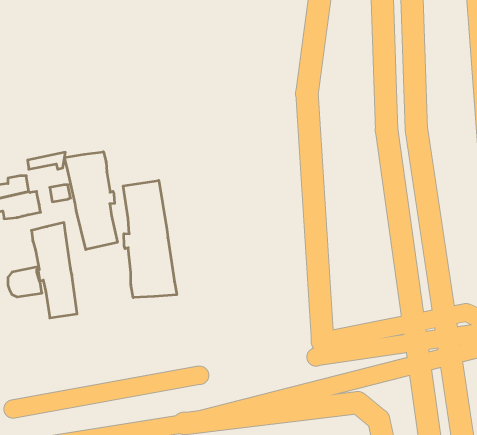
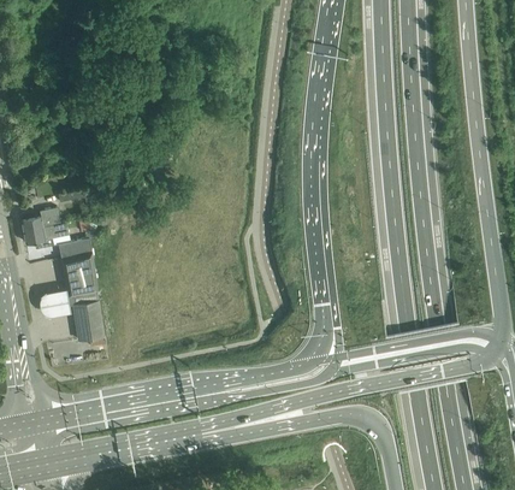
building: [65,152,117,250] -> none
building: [123,180,177,298] -> none

